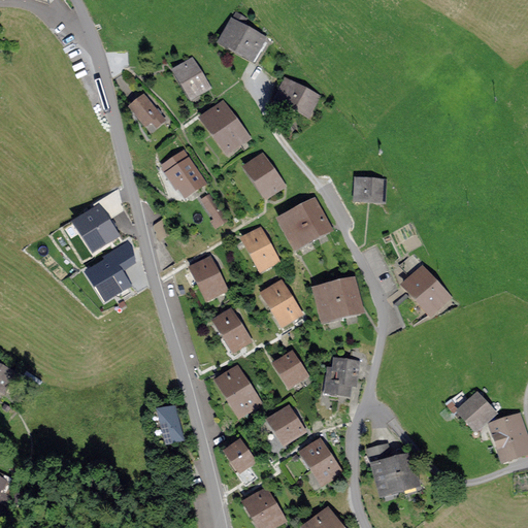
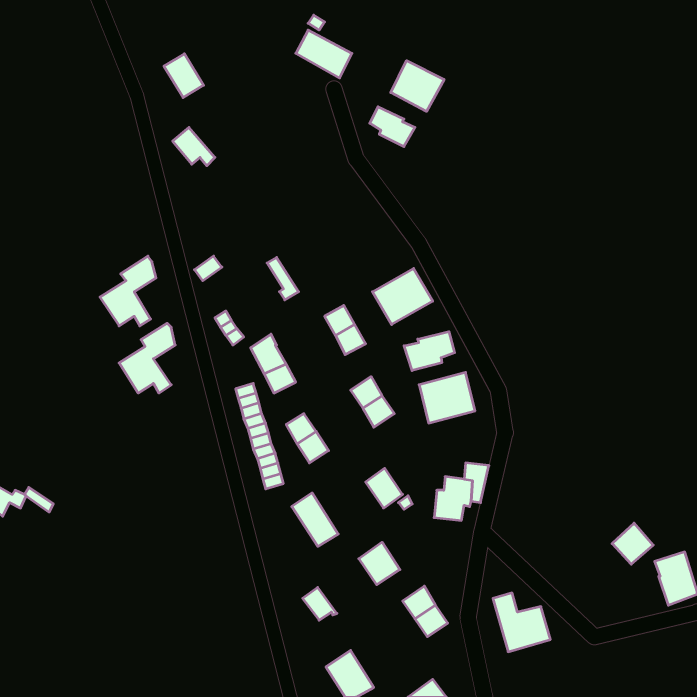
building: none -> [391,61,444,111]
building: [175,61,205,94] -> [164,54,204,98]
building: [204,106,242,148] -> none
building: [170,154,200,193] -> none
building: [246,157,282,194] -> none
building: [355,178,381,199] -> none
building: none -> [404,332,455,371]
building: [408,268,447,310] -> none
building: [157,406,179,442] -> none

